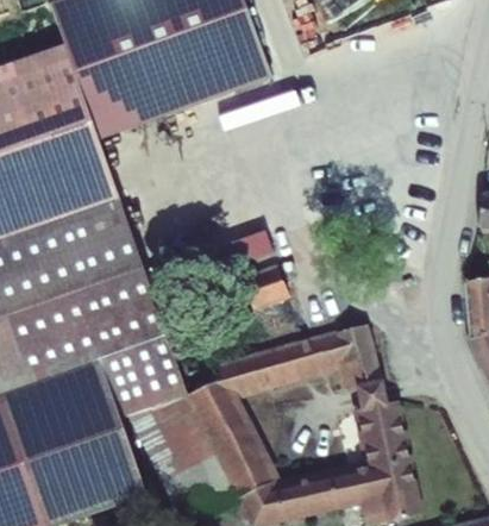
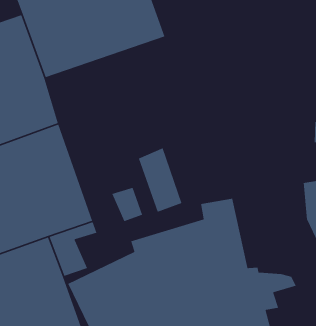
building: [143,352,188,402] -> [111,187,143,222]

